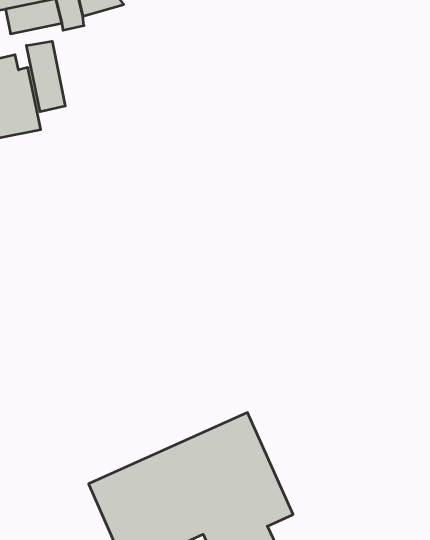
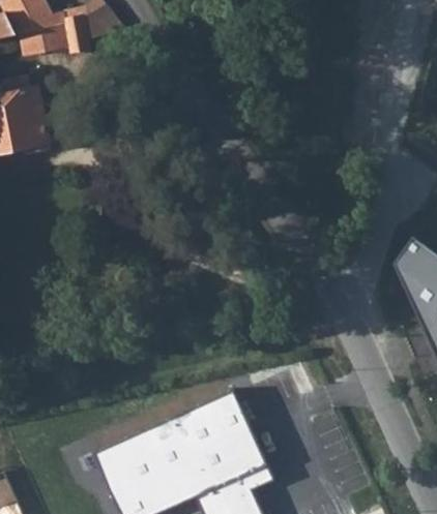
building: [26,41,65,112] -> none

